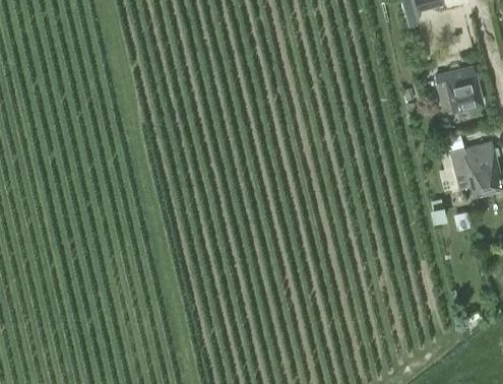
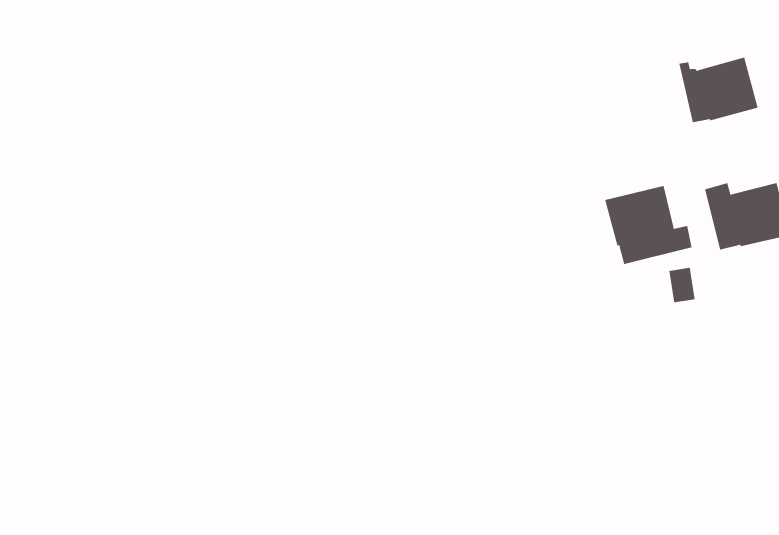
building: none -> [605,185,692,265]

